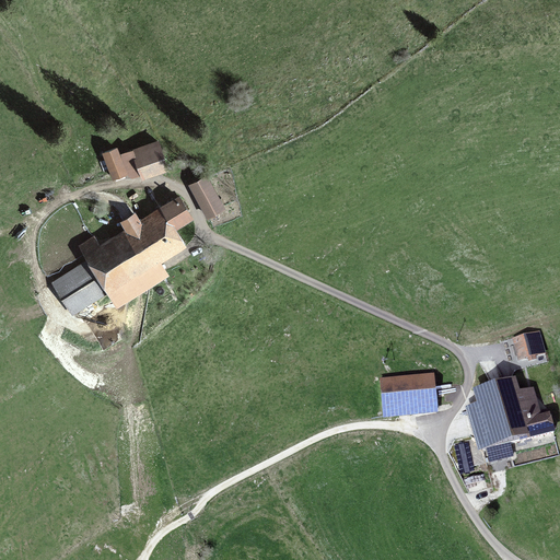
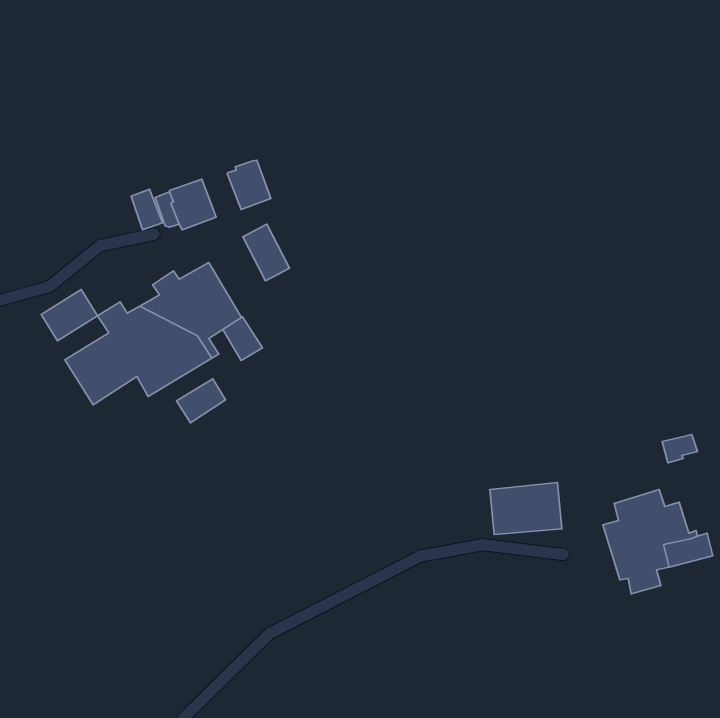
building: none -> [227,160,271,209]
building: [162,194,192,228] -> [223,317,262,361]
building: none -> [41,290,97,341]
building: none -> [177,379,225,423]

